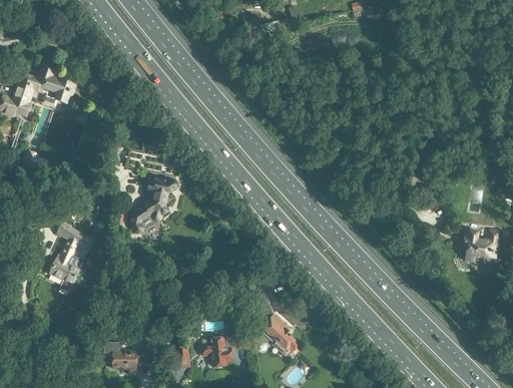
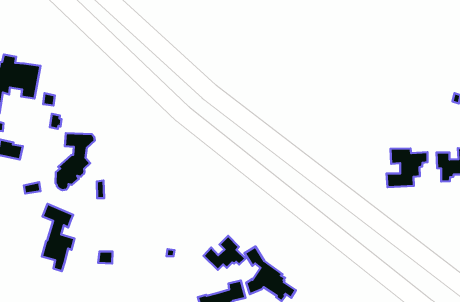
building: [129,175,175,233] -> [56,133,95,190]
building: none -> [387,148,427,187]
building: none -> [203,236,245,270]

